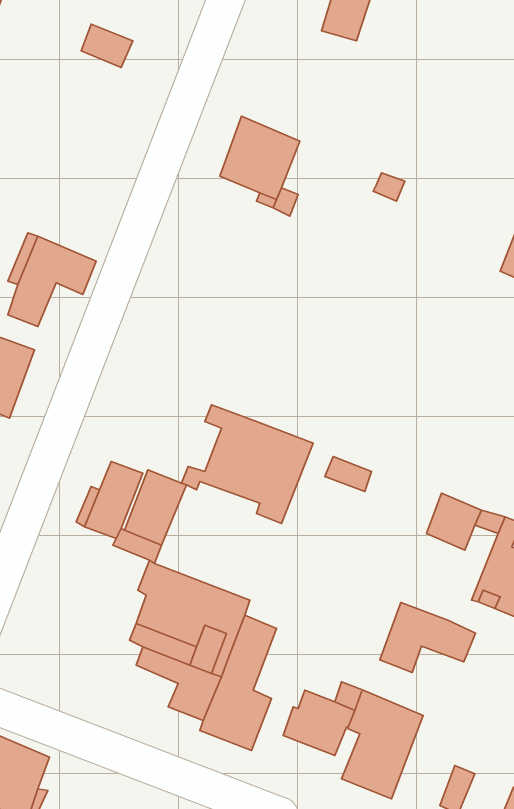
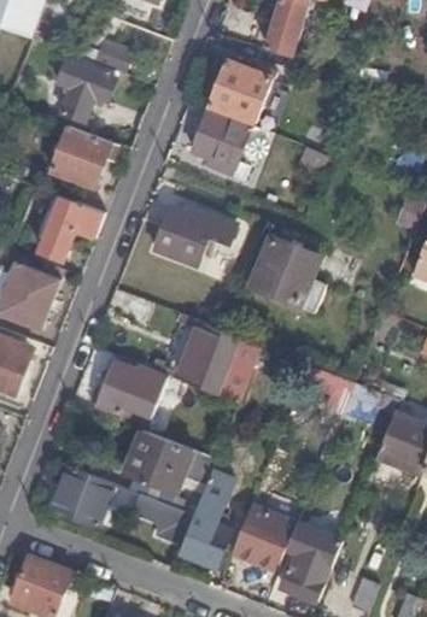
building: none -> [57,58,115,119]
building: none -> [209,60,274,122]
building: none -> [48,123,116,188]
building: none -> [153,206,234,264]
building: none -> [251,237,323,310]
building: [380,602,476,673] -> none
building: none -> [49,464,112,525]

